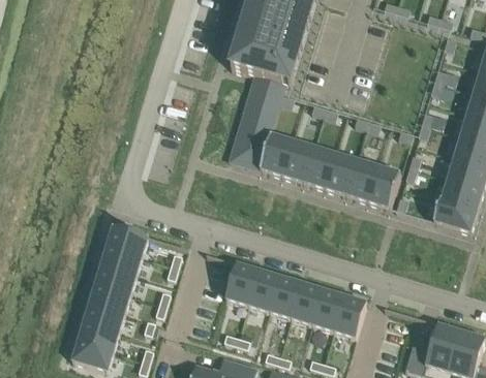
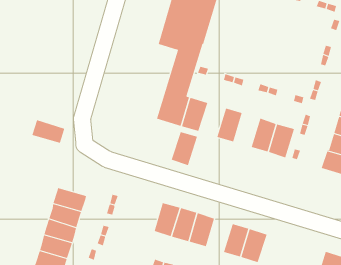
building: [281,140,314,183] -> [171,131,198,166]
building: [325,153,357,195] -> none
building: [107,225,148,255] -> [31,119,65,144]
building: [291,283,323,324] -> none

